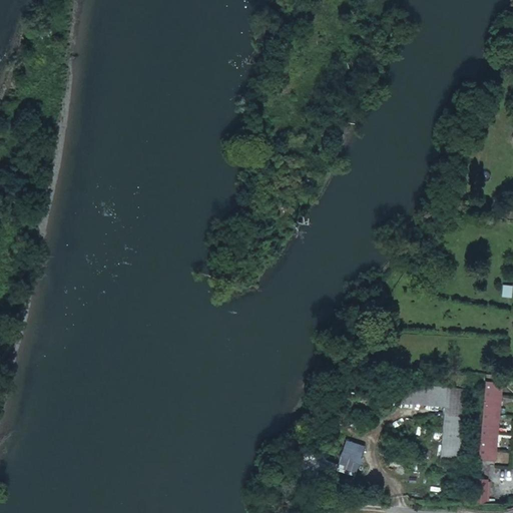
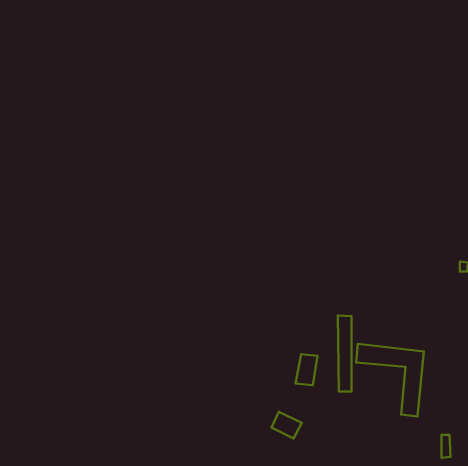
building: [482,379,497,462] -> [338,315,352,392]
building: [339,444,363,478] -> [296,354,318,385]

